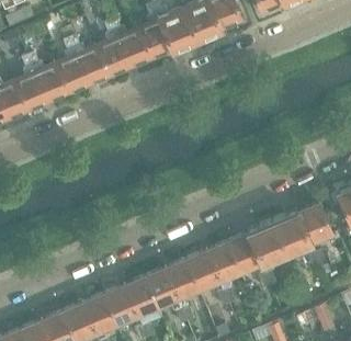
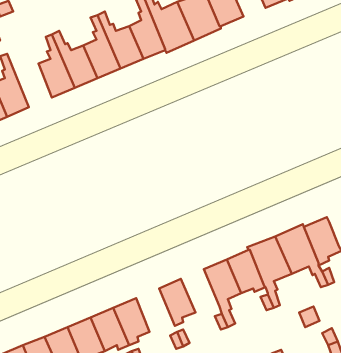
building: [27,53,68,104] -> none
building: [185,251,220,291] -> none
building: [145,269,180,308] -> none

